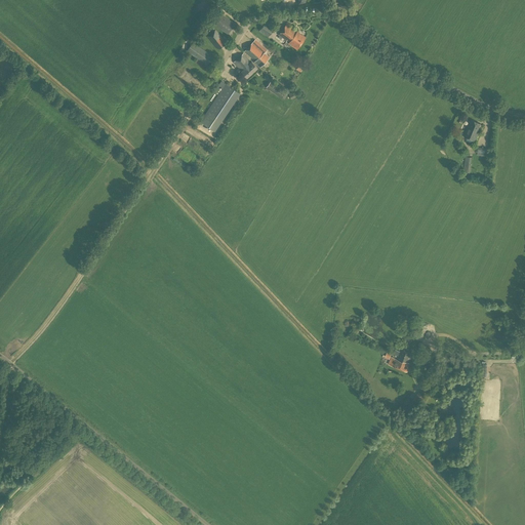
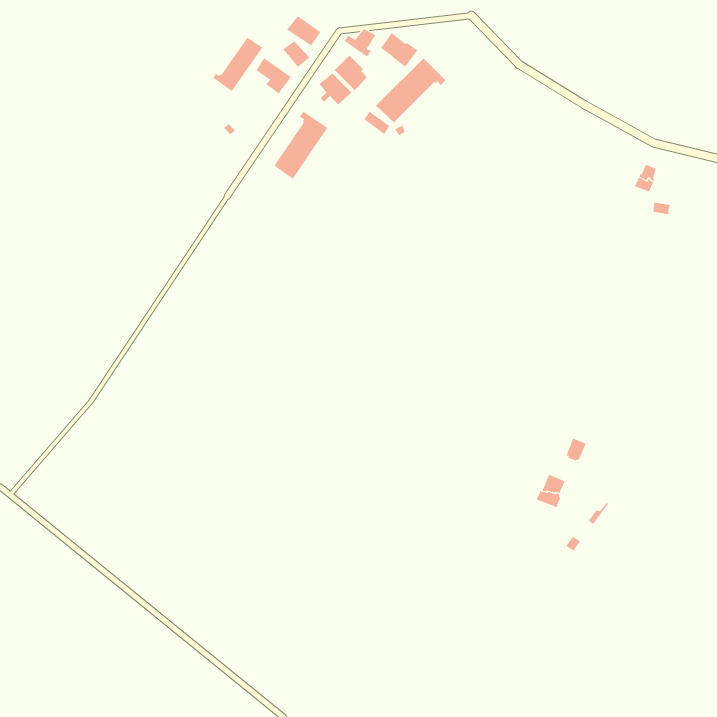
building: none -> [213,37,263,92]
building: none -> [375,57,446,123]

